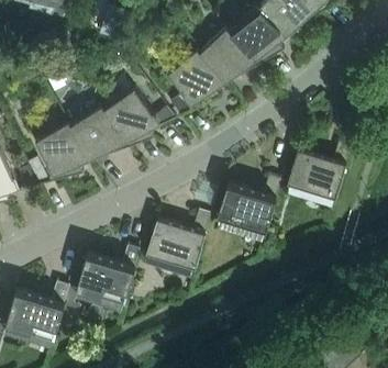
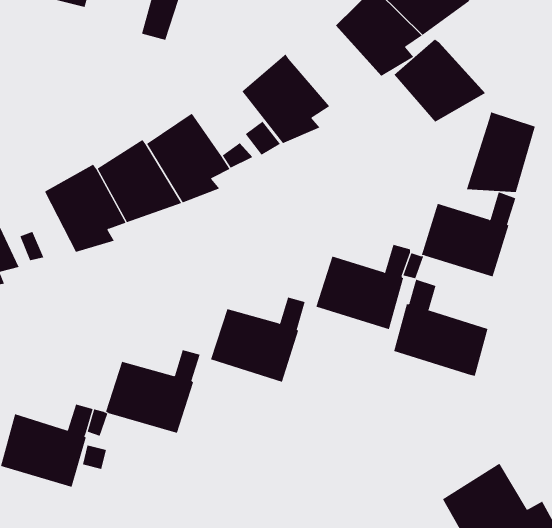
building: [198,27,259,83] -> [394,39,486,123]
building: none -> [466,111,535,193]
building: none -> [394,279,488,376]

